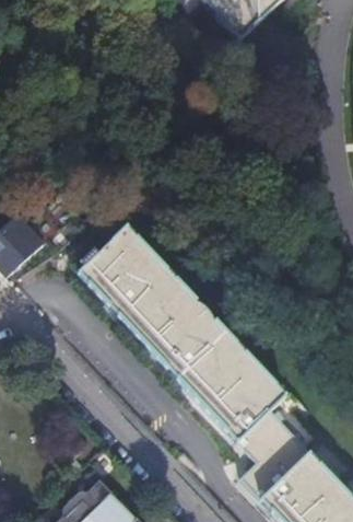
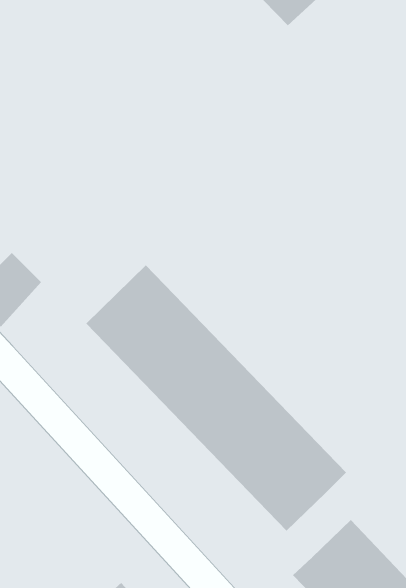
building: [236,408,287,460] -> none

